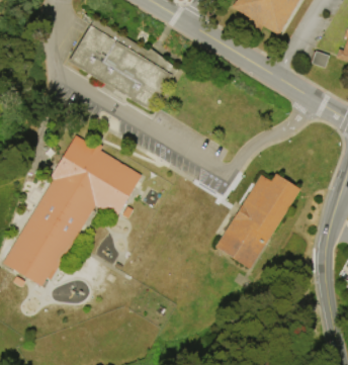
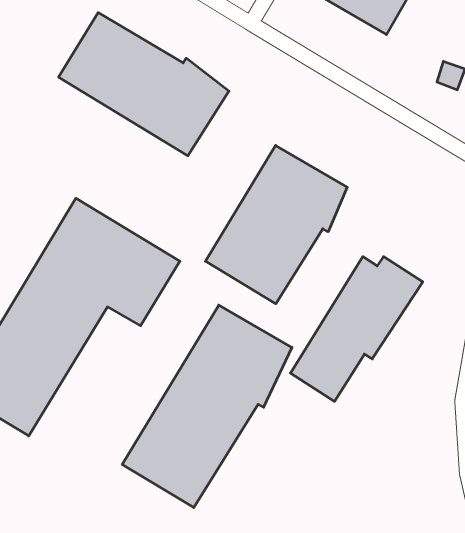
building: none -> [205,145,347,304]
building: none -> [122,305,292,508]

